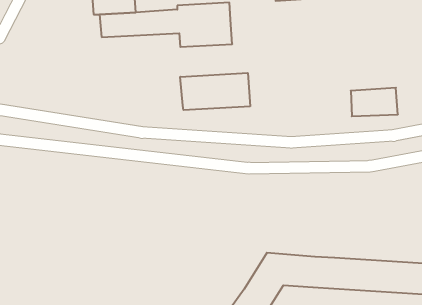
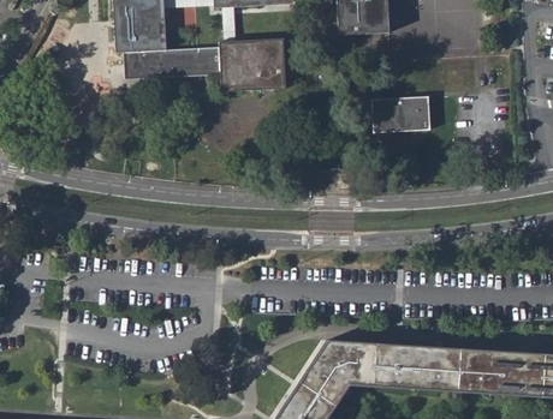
building: [180,73,250,110] -> none
building: [351,88,398,116] -> [373,97,430,132]

